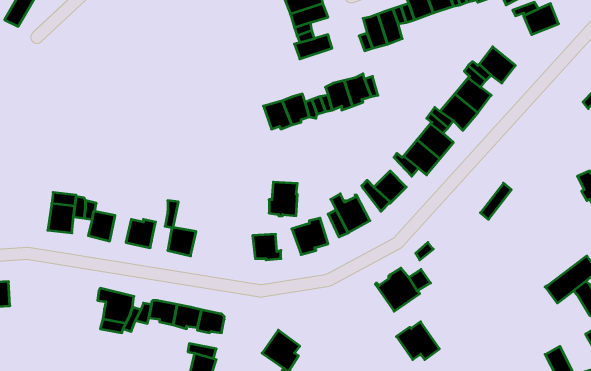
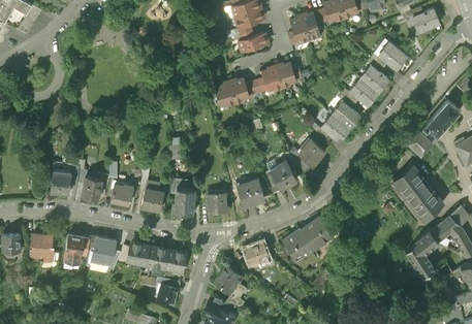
building: none -> [408,103,462,158]
building: [269,182,297,216] -> [172,186,194,212]
building: none -> [395,166,444,220]
building: none -> [31,226,53,253]
building: none -> [407,229,440,278]
building: none -> [64,230,84,258]
building: none -> [244,240,271,263]
building: [396,322,439,360] -> [282,228,315,257]

